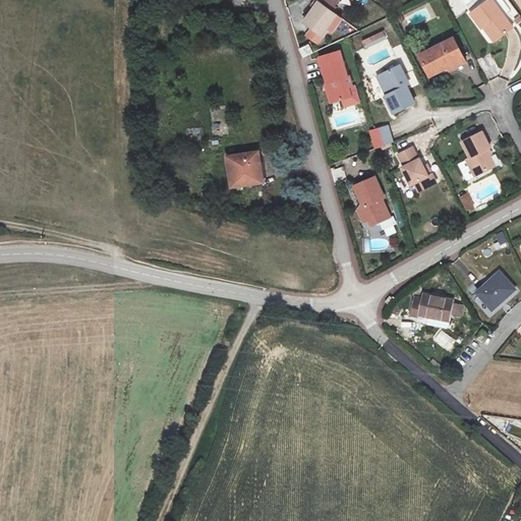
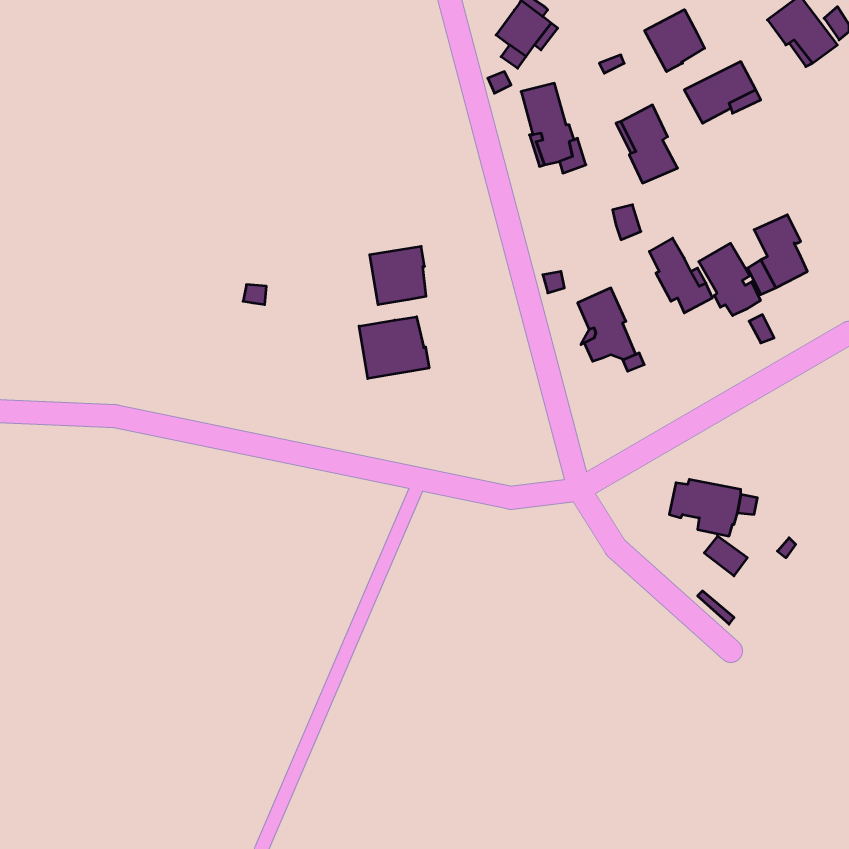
building: none -> [645,10,705,72]
building: none -> [699,243,760,316]
building: none -> [359,317,429,379]
building: [475,271,514,309] -> none

